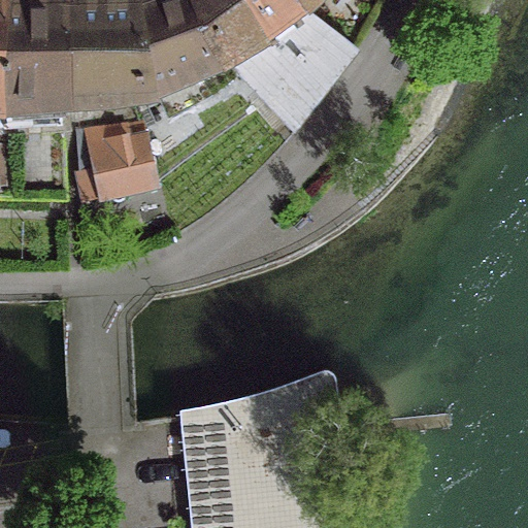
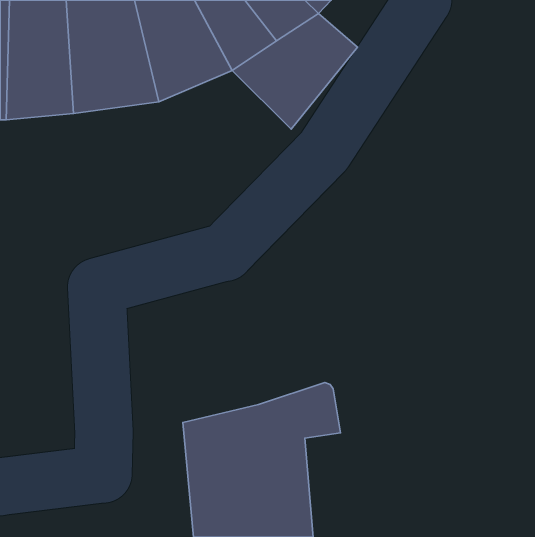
building: [73,122,155,202] -> none

